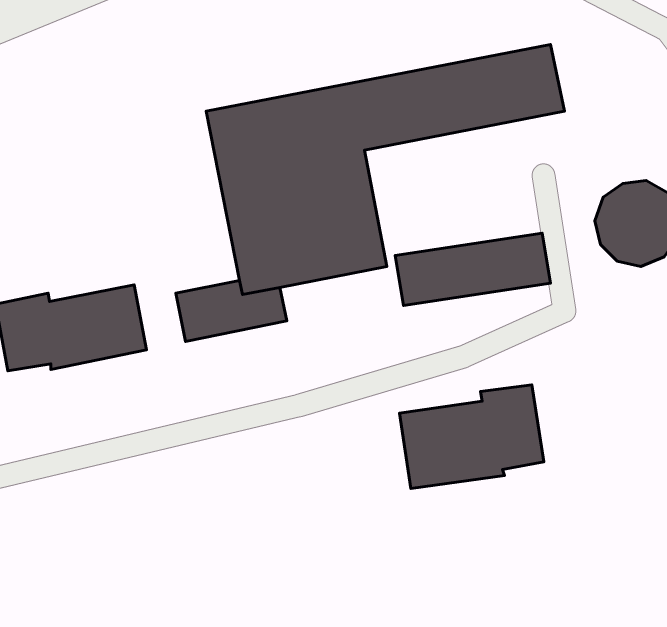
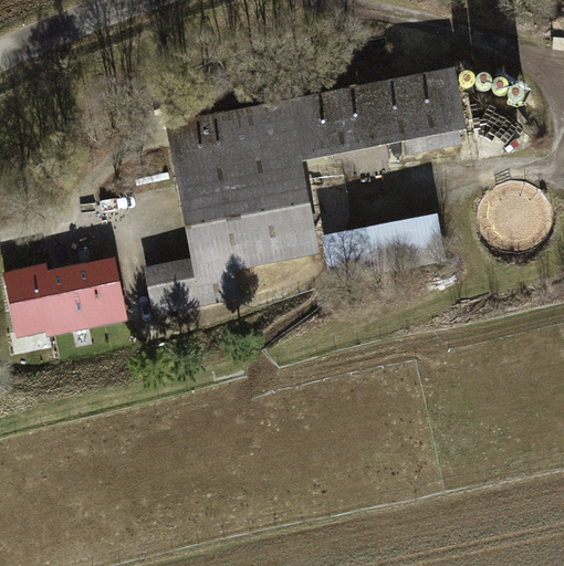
building: [400,385,544,488] -> none

